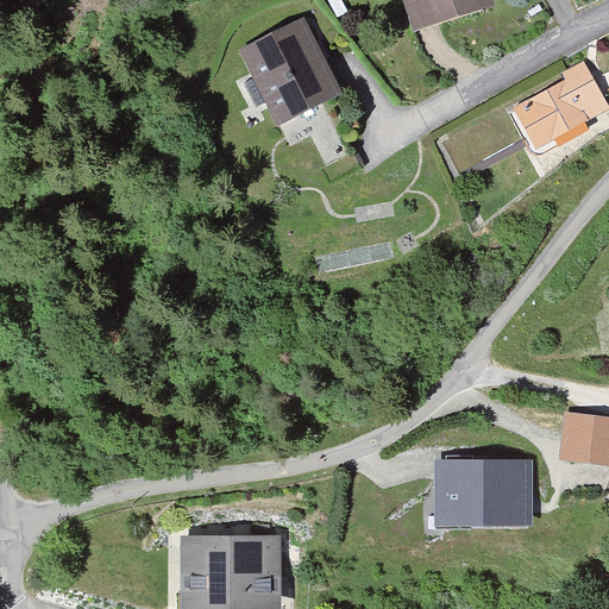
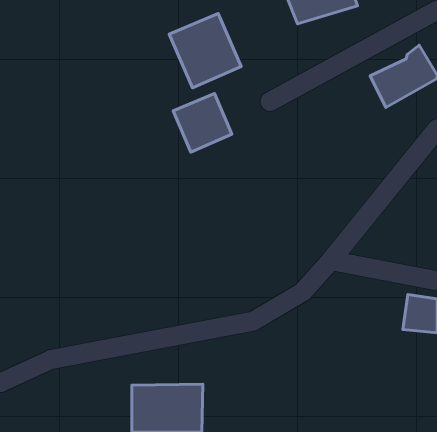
building: none -> [173,93,232,152]
building: [435,458,529,527] -> none

